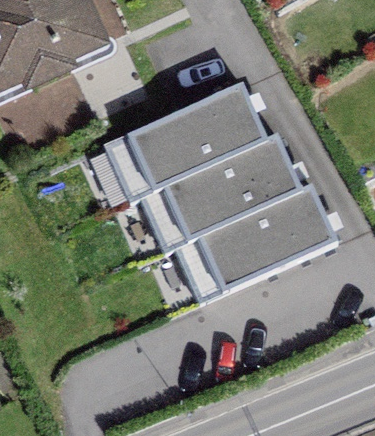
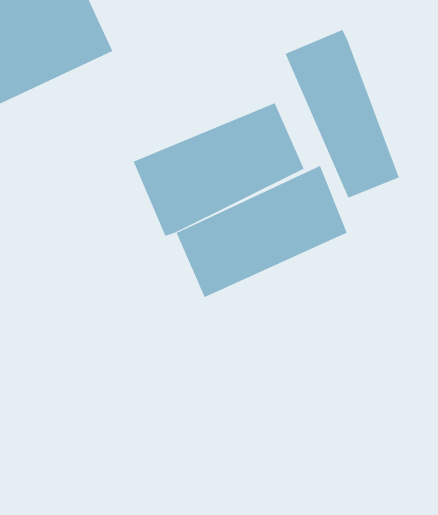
building: none -> [285,29,400,198]
building: [196,187,334,298] -> none

